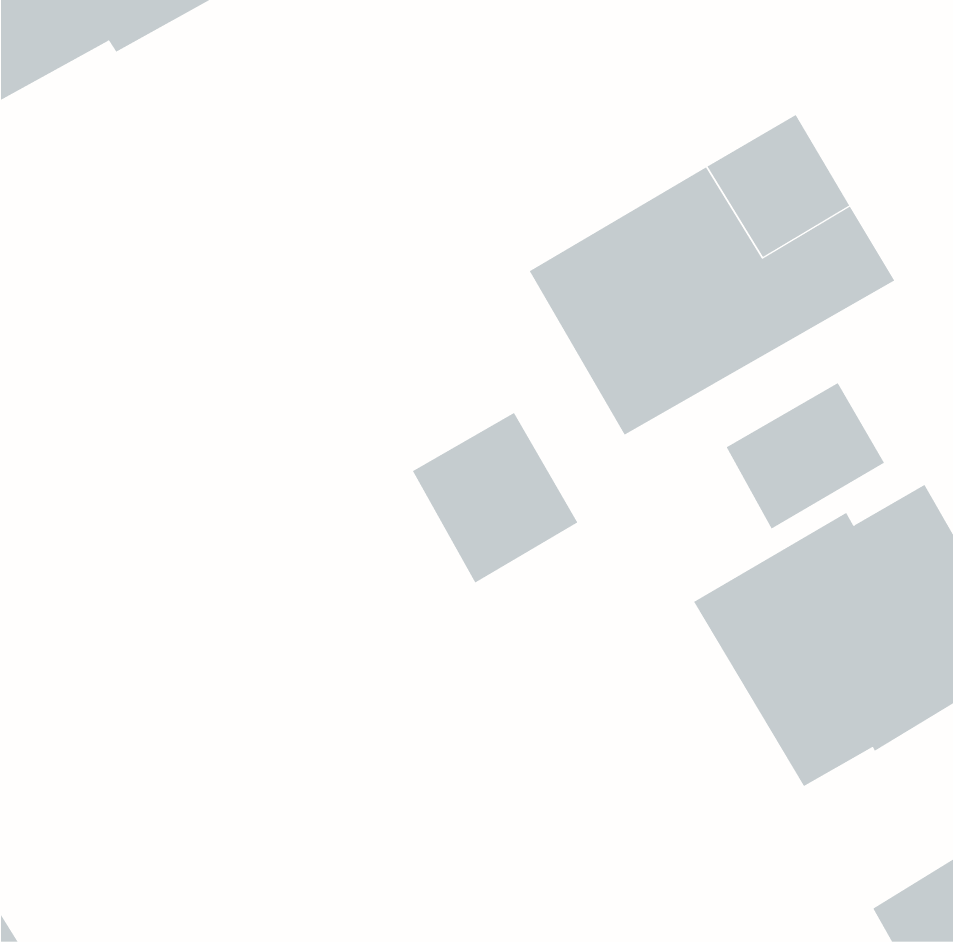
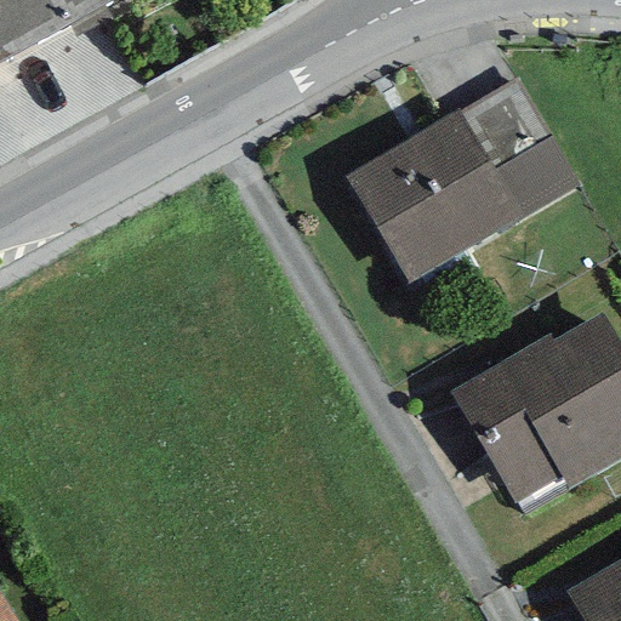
building: [726,382,885,529] -> none
building: [412,412,578,583] -> none

